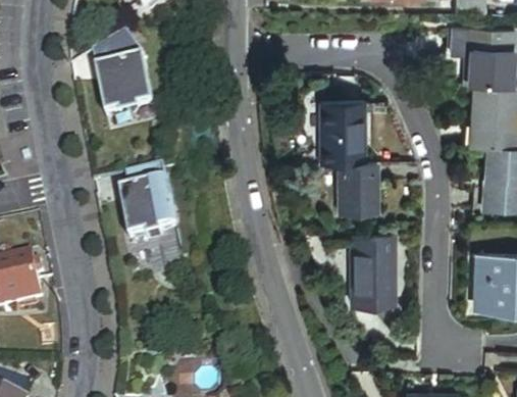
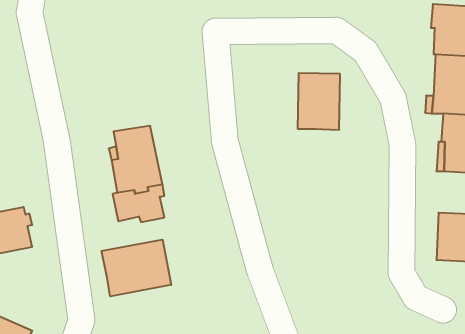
building: [92,33,153,116] -> none
building: [340,164,378,212] -> none
building: [349,244,397,314] -> none
building: none -> [102,240,171,296]

